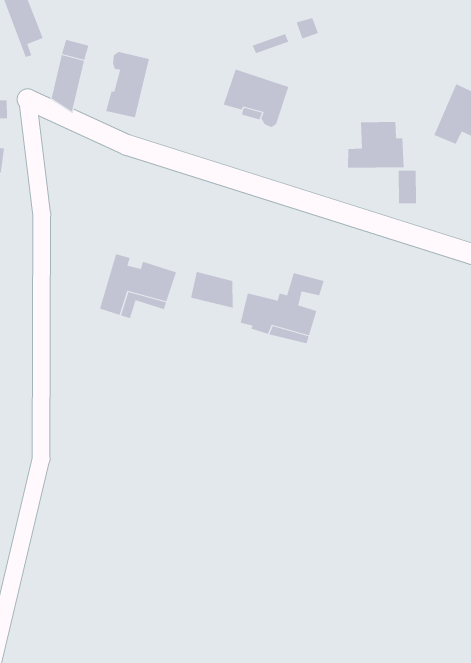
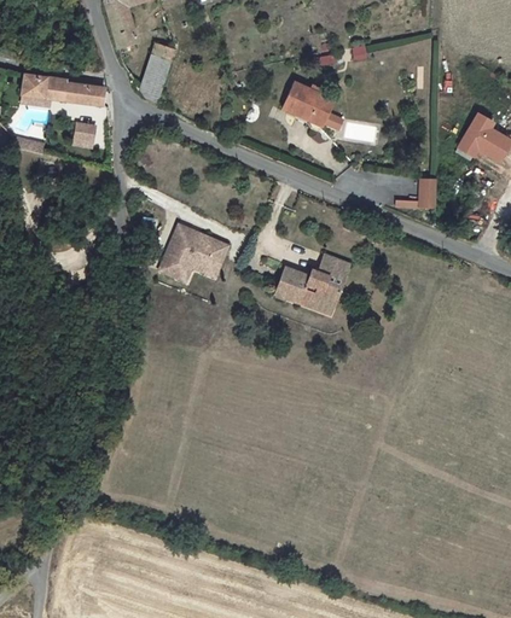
building: [105,51,149,118] -> none
building: [347,121,404,168] -> none
building: [191,271,233,309] -> none

